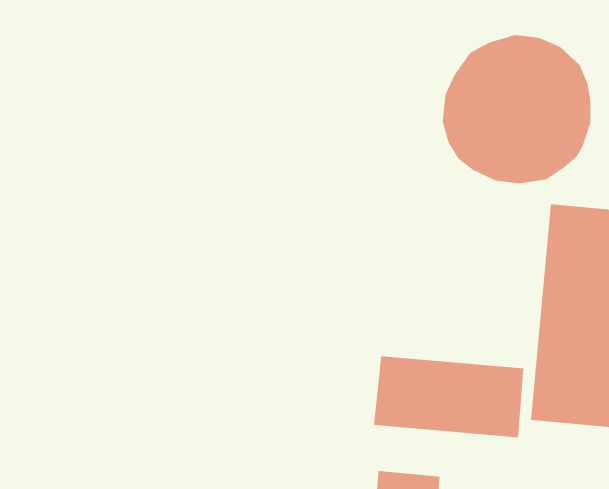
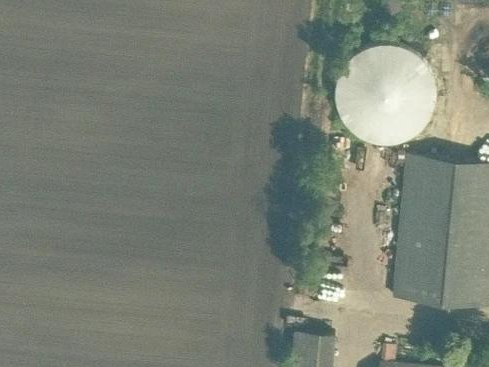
building: [374,355,524,438] -> none

